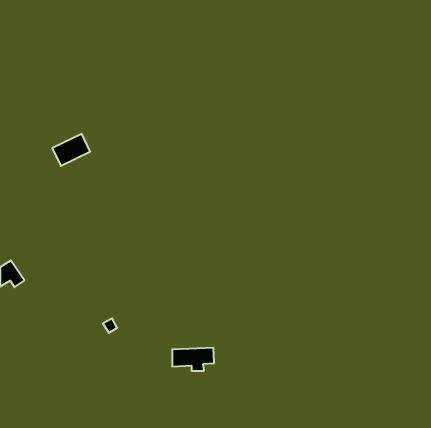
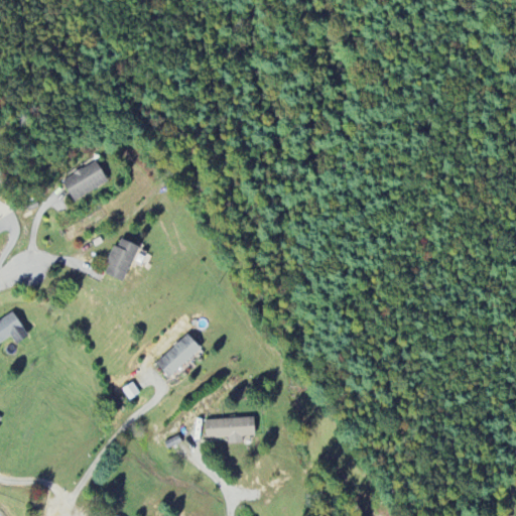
building: none -> [104,237,138,280]
building: none -> [156,333,202,377]

